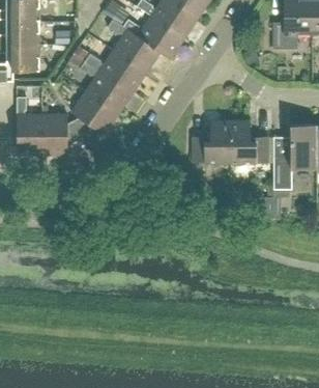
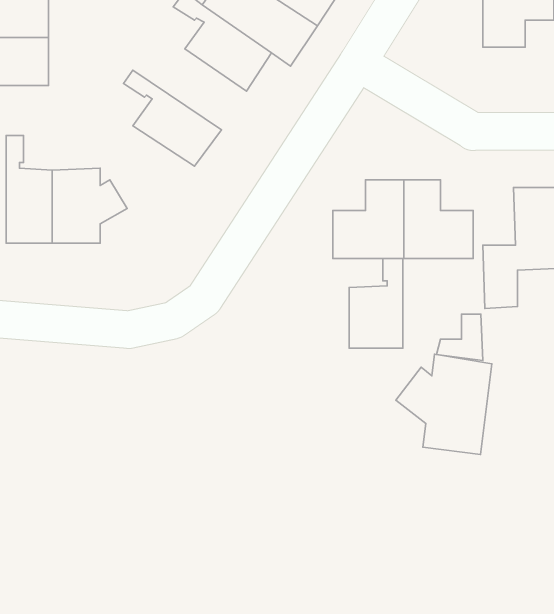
building: [85,50,146,93] -> none
building: [71,91,118,136] -> none
building: none -> [349,259,403,348]
building: none -> [396,354,492,454]

